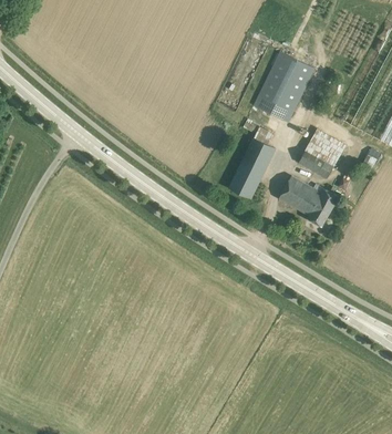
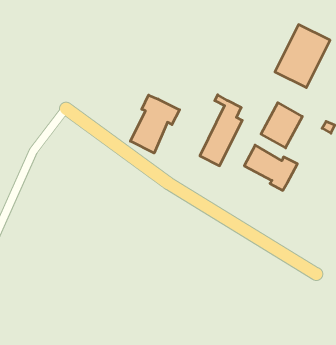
building: [252,51,314,122] -> [275,25,330,88]
building: none -> [130,95,180,153]

